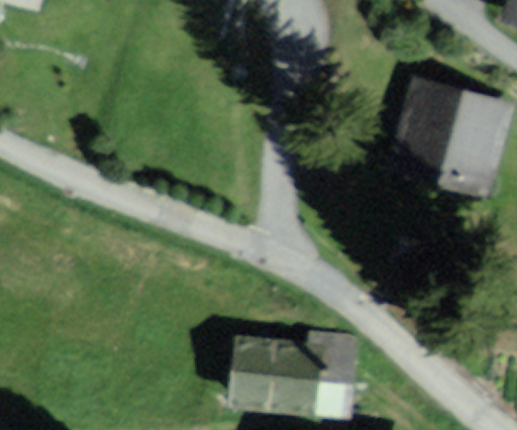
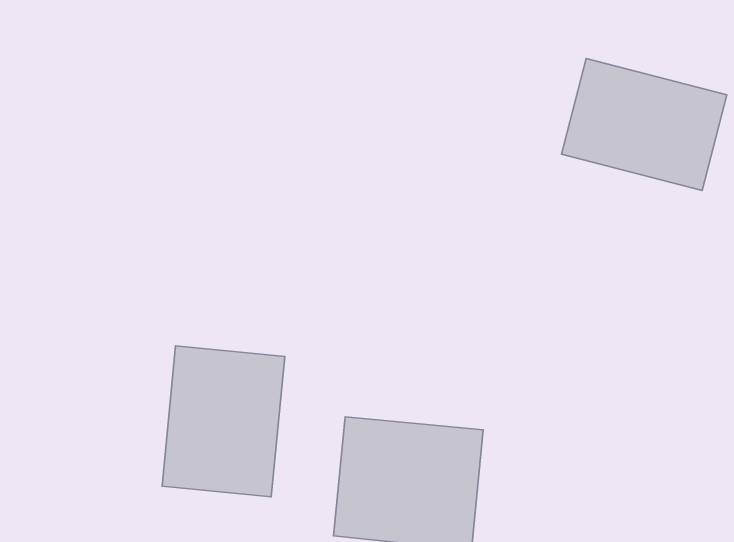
building: none -> [162,346,285,497]

